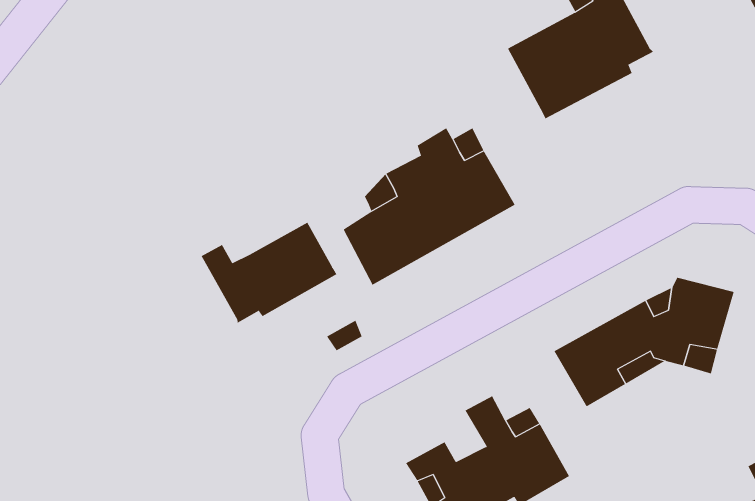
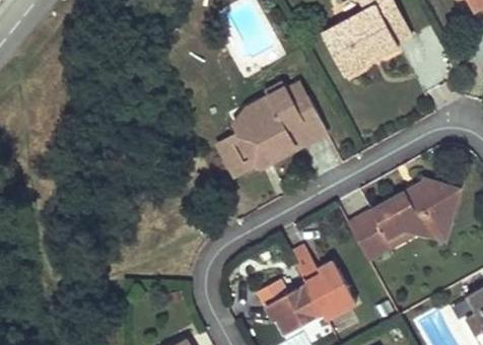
building: [201,222,337,323] -> none

